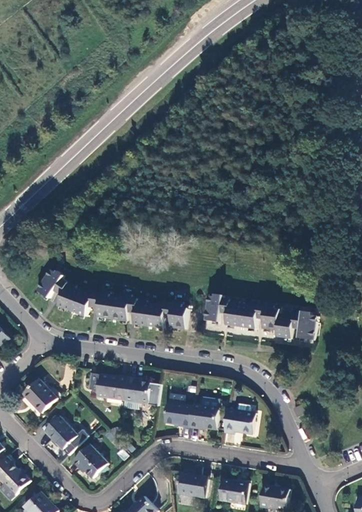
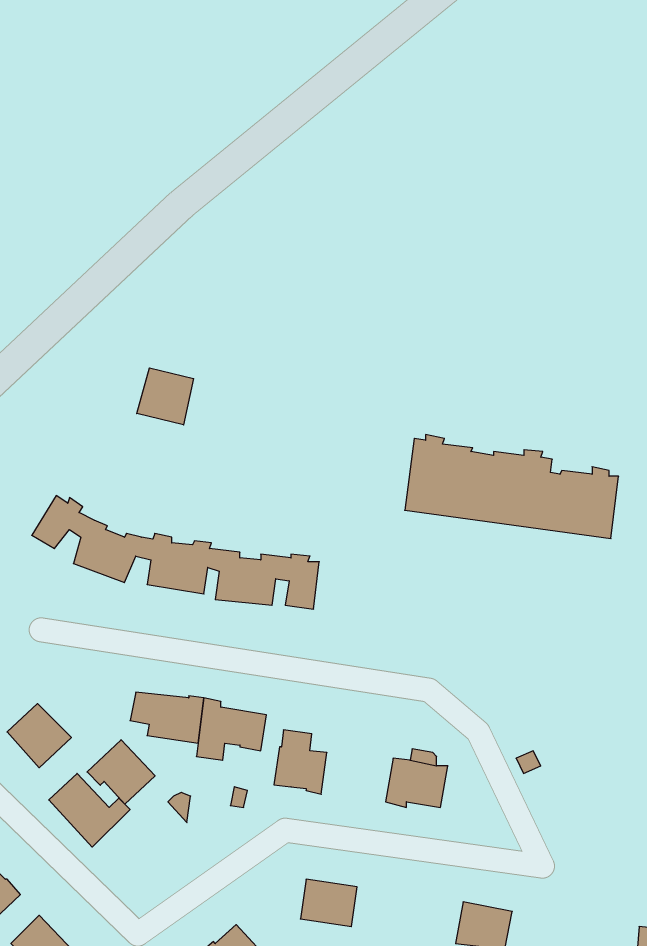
building: none -> [137,368,194,425]
building: [203,293,316,348] -> [405,435,619,539]
building: [189,404,219,429] -> none
building: [72,444,108,478] -> [87,740,155,804]
building: [220,479,249,503] -> none

